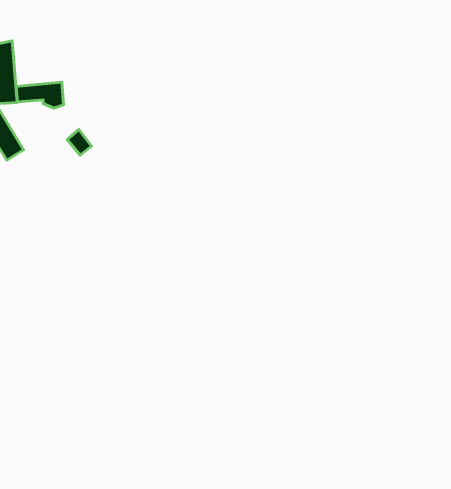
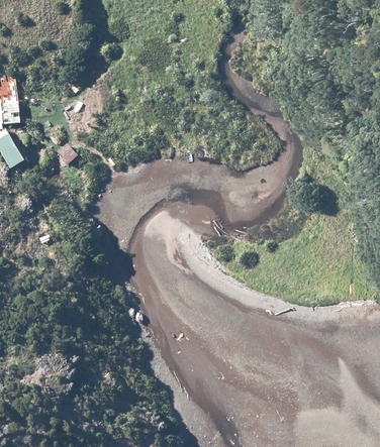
building: [16,82,64,108] -> none

